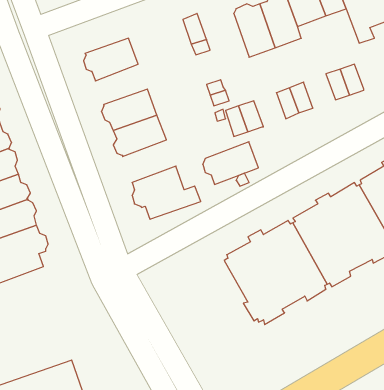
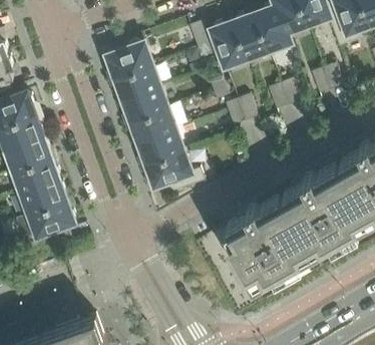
building: none -> [211,21,246,66]
building: none -> [115,64,159,98]
building: [203,142,258,184] -> [136,128,183,164]

